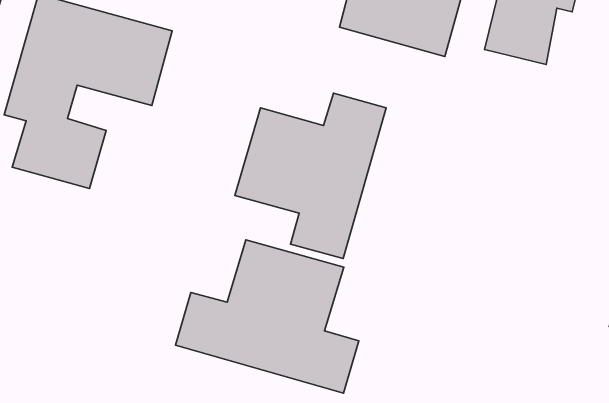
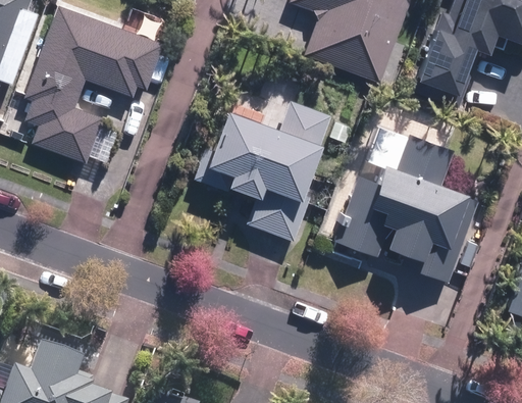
building: none -> [336,131,479,283]
building: [175,240,359,393] -> none

